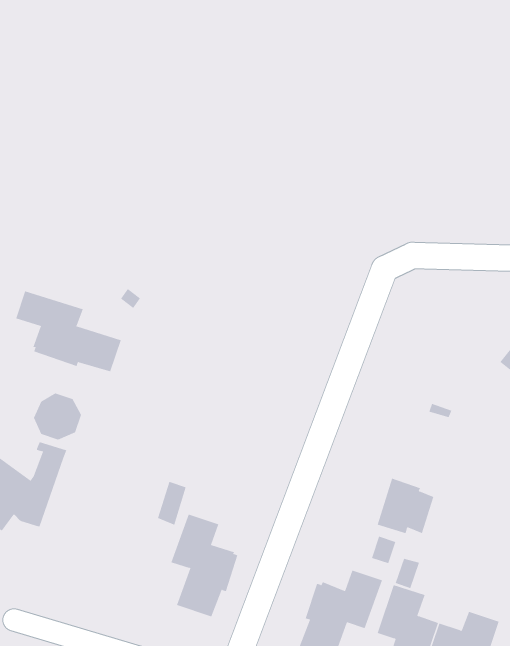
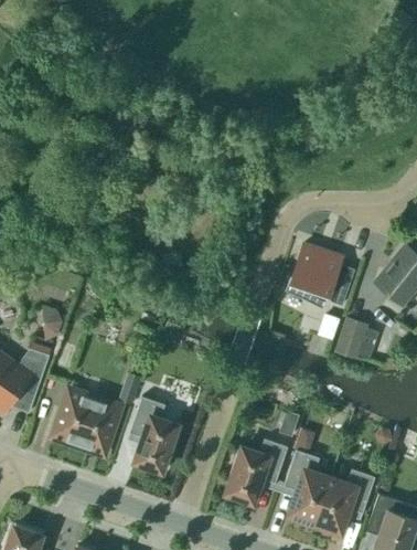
building: [16,291,121,372] -> none
building: none -> [290,243,354,305]
building: [377,478,434,534] -> [335,317,378,359]
building: none -> [53,390,119,449]

